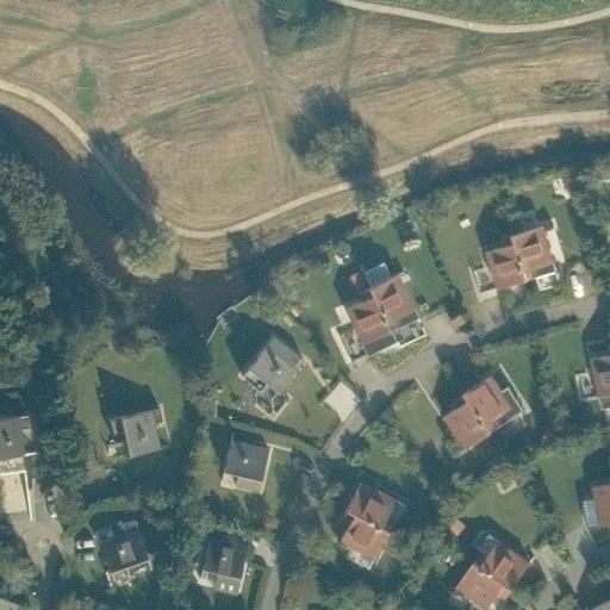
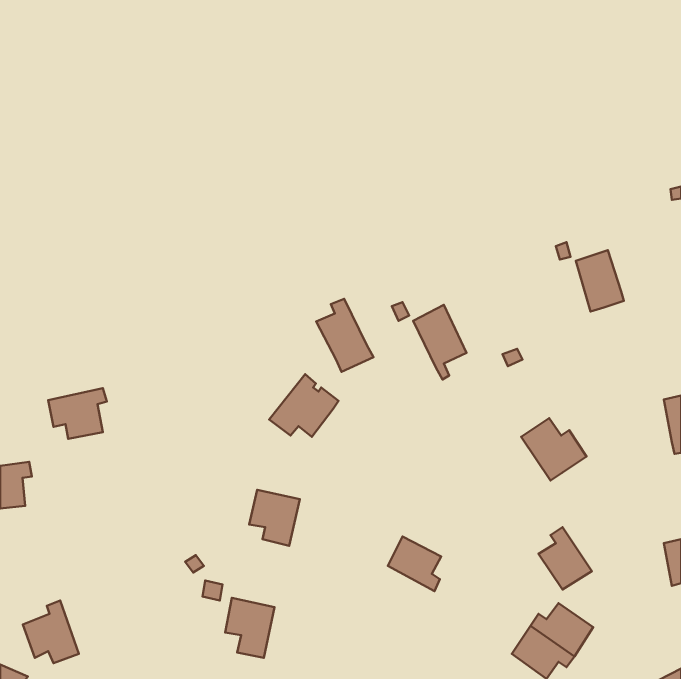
building: [487,235,528,288] -> none
building: [344,288,396,354] -> [316,299,373,372]
building: [444,392,492,448] -> [539,527,592,590]
building: [110,409,162,454] -> [48,388,107,439]
building: [340,508,388,558] -> none
building: [100,519,150,575] -> [23,601,79,663]

